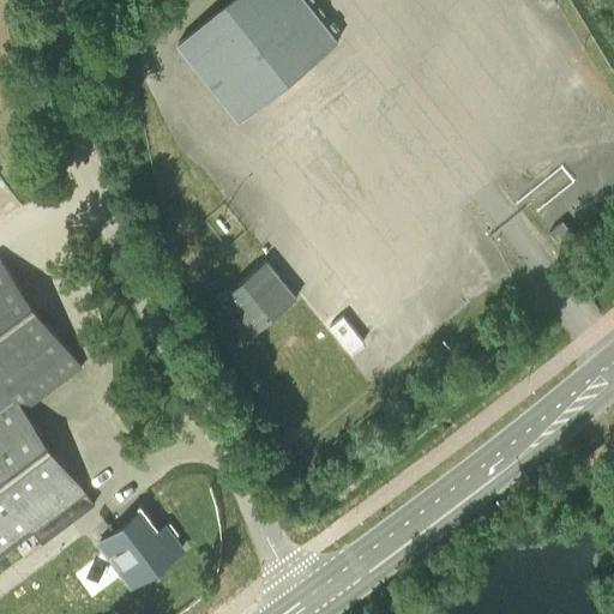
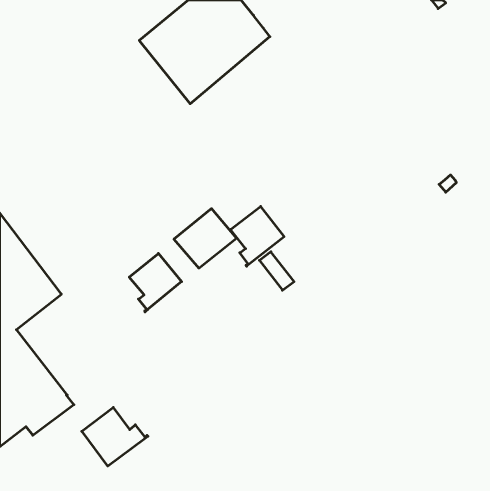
building: none -> [231,206,284,266]
building: none -> [129,253,182,312]

